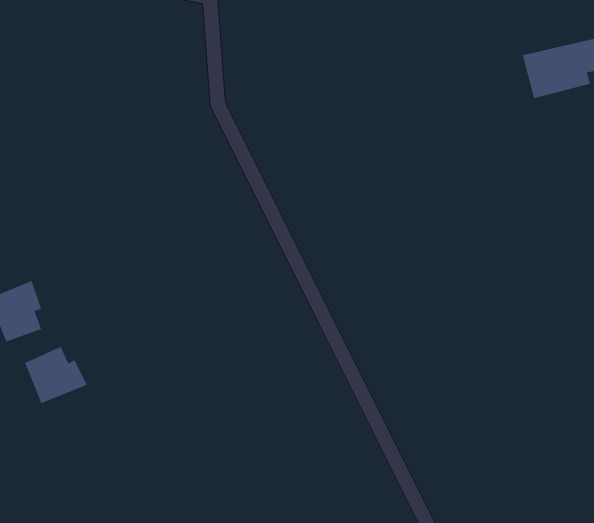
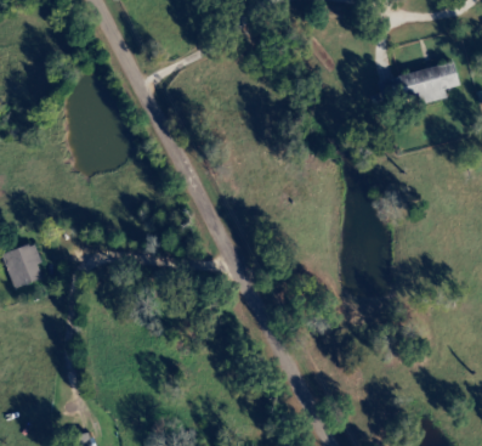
building: [24,346,88,404] -> none

